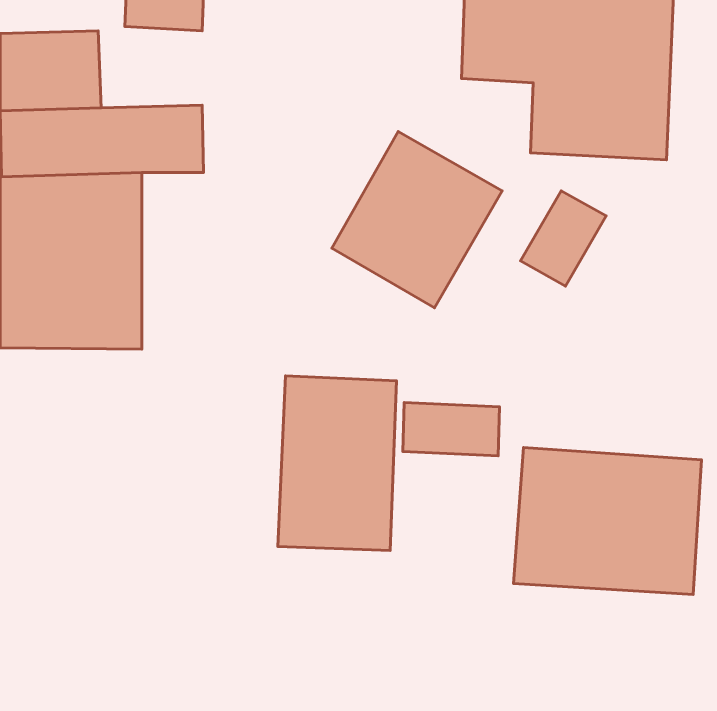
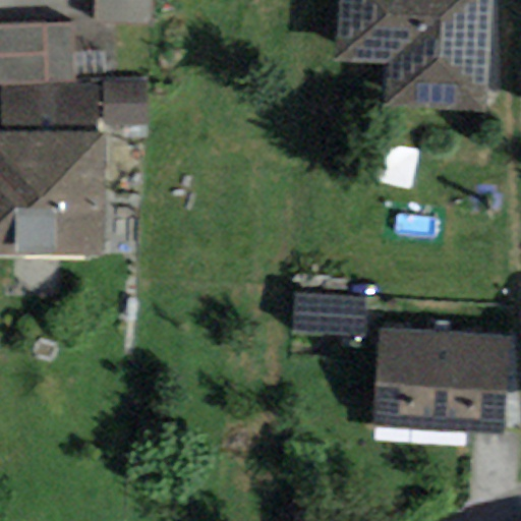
building: [332,132,502,308] -> none
building: [278,376,397,550] -> none

